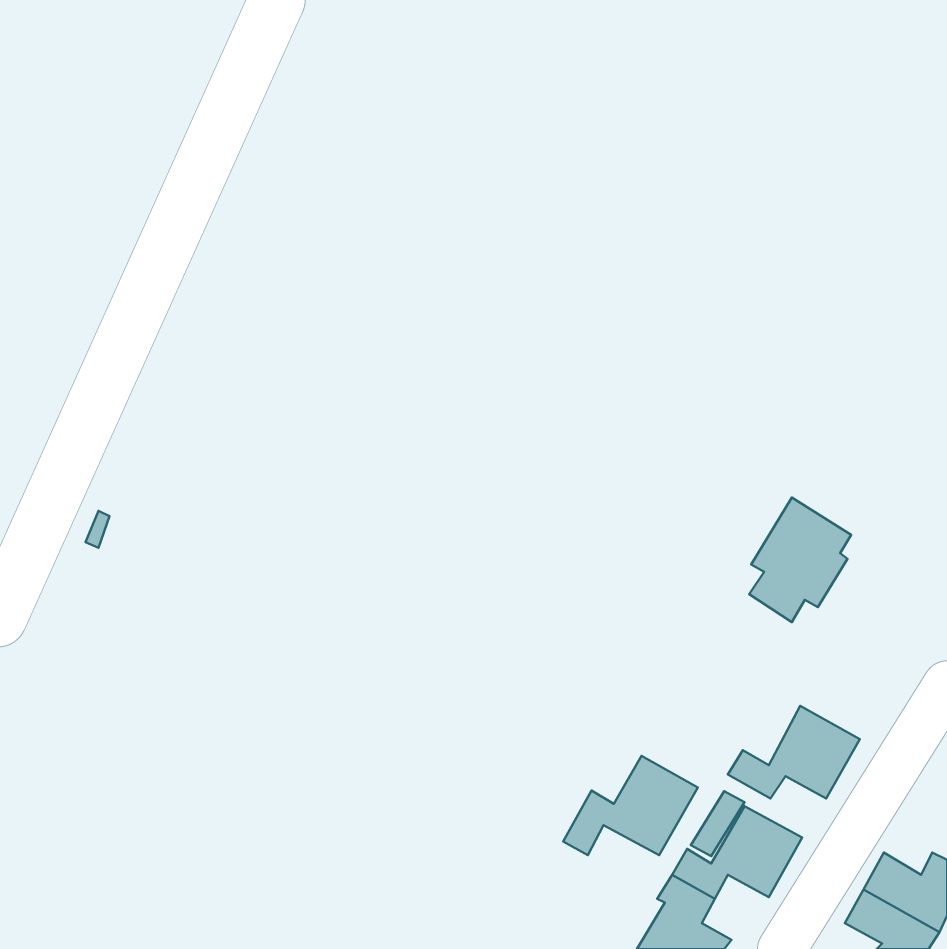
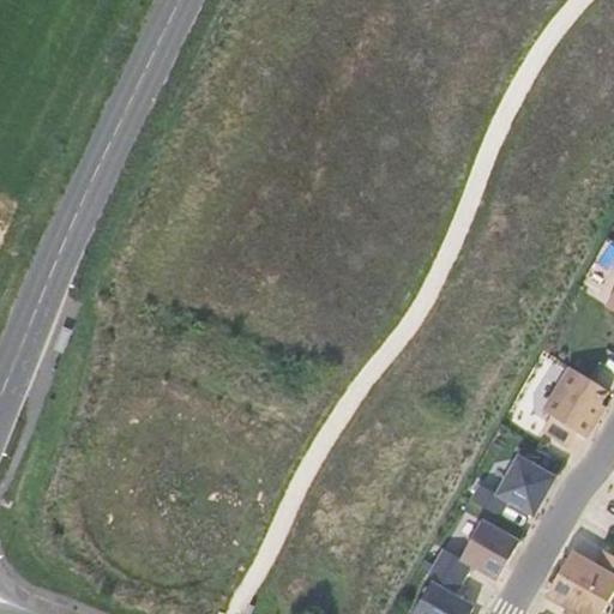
building: [749,498,851,622] -> [541,367,607,447]
building: [563,756,698,855] -> none

